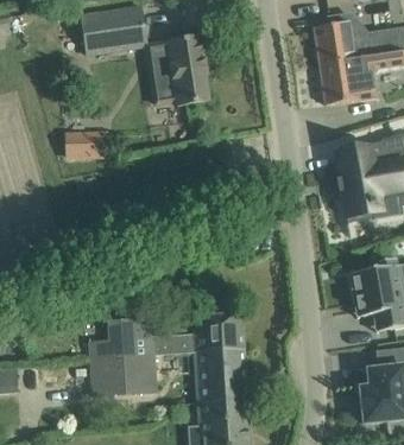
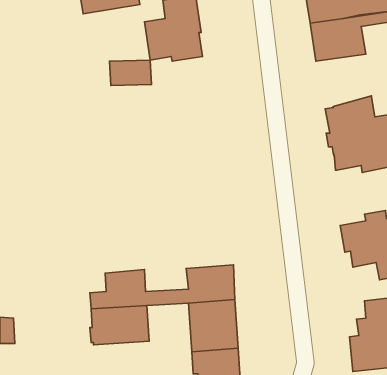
building: [67,129,109,155] -> [110,60,151,86]

